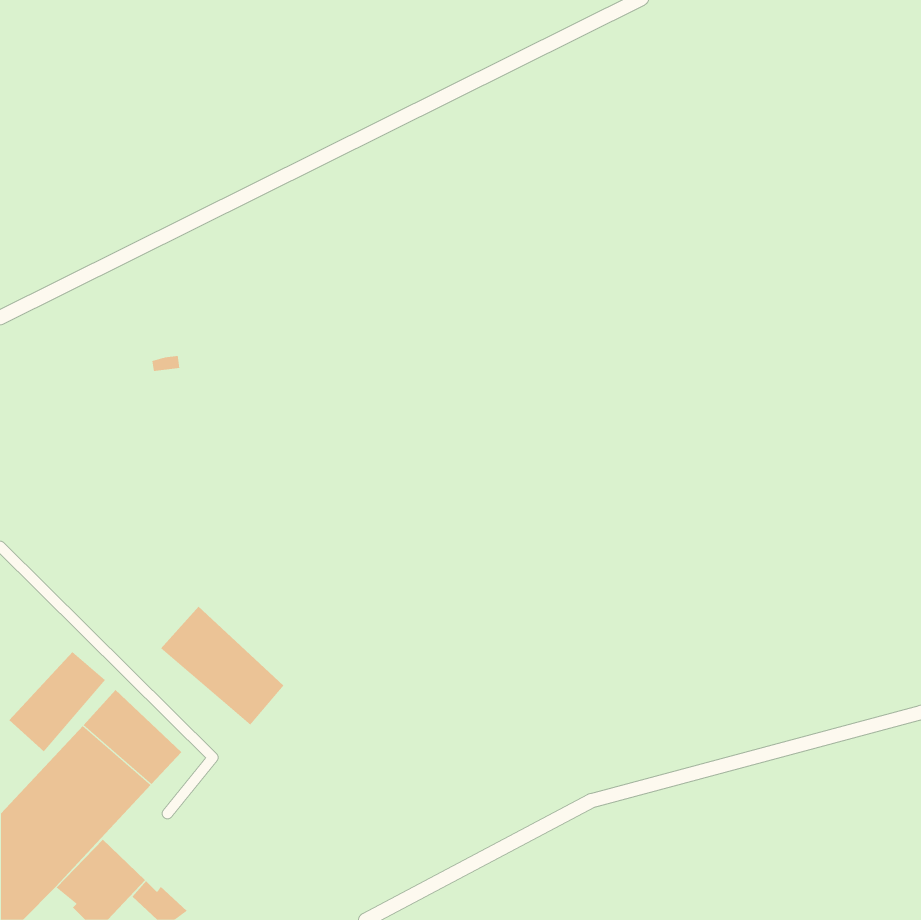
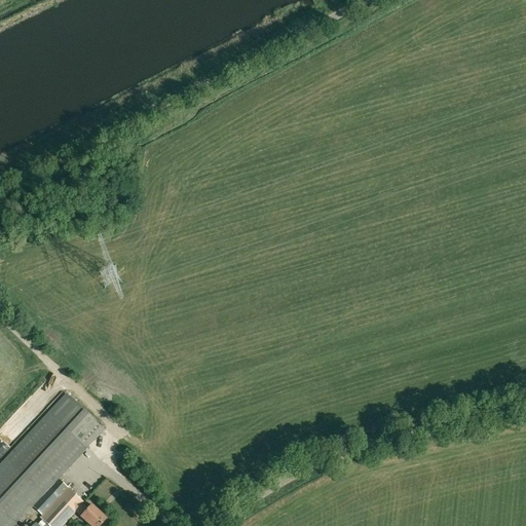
building: [160,606,284,726] -> none
building: [9,651,106,752] -> none

